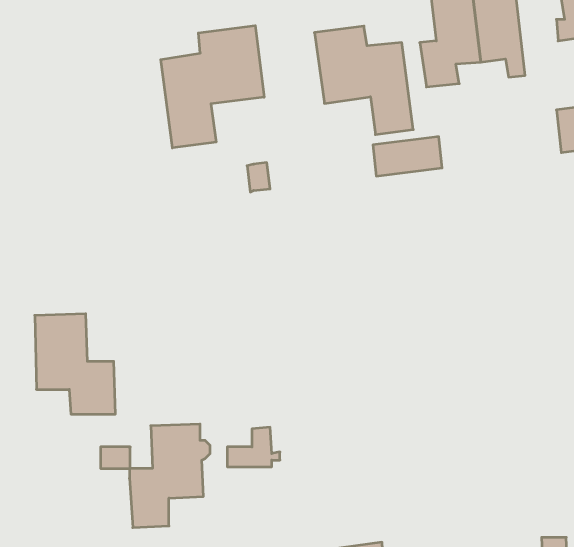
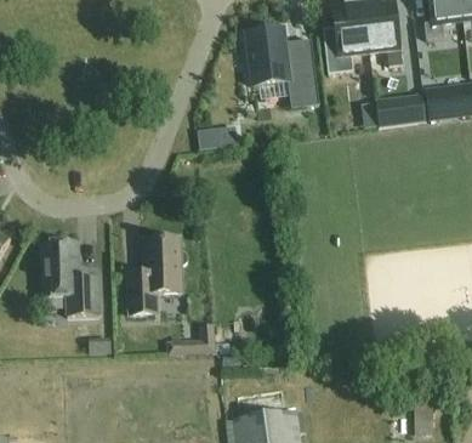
building: [161,26,264,148] -> none
building: [373,137,442,176] -> [375,97,426,126]
building: [129,424,210,528] -> [127,237,187,313]

